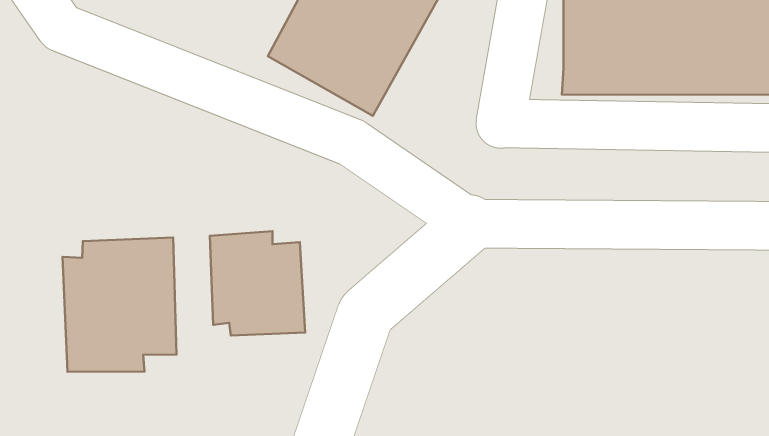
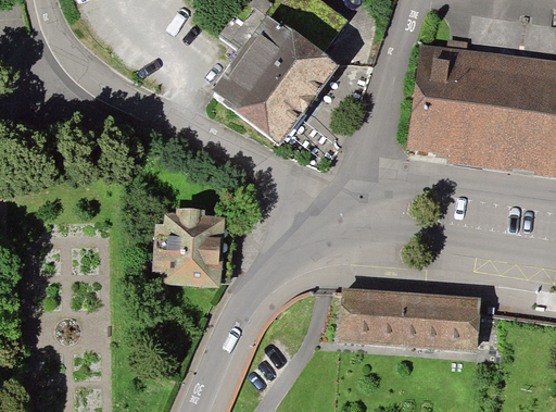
building: [62,237,177,372] -> none
building: none -> [340,291,481,347]

